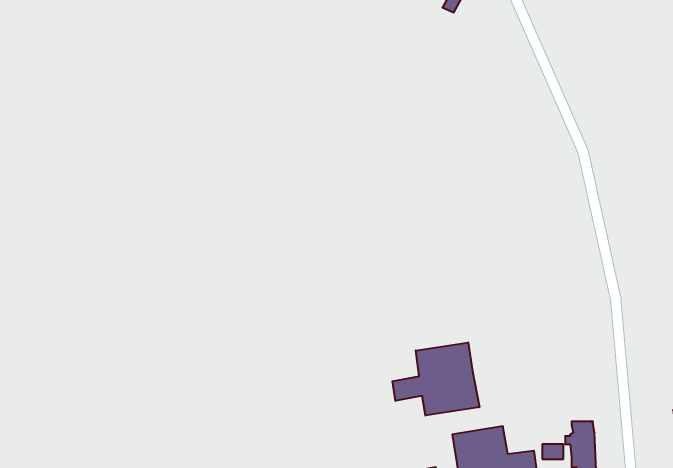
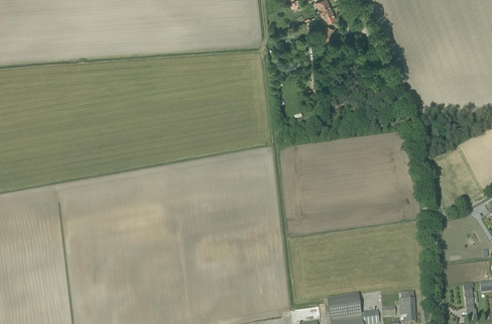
building: [392,342,479,416] -> none

